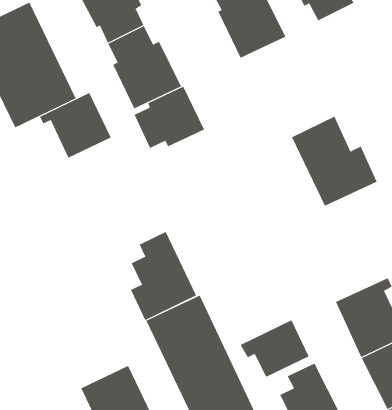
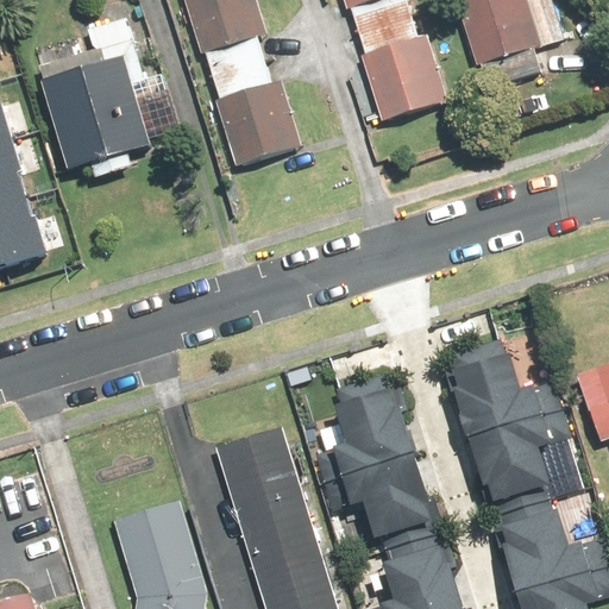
building: [134,86,205,149] -> none
building: [39,92,111,158] -> none
building: [291,116,378,206] -> [432,341,535,457]
building: [130,231,197,321] -> [316,382,402,494]

